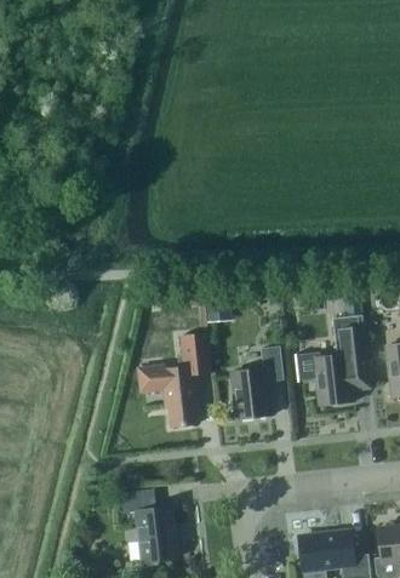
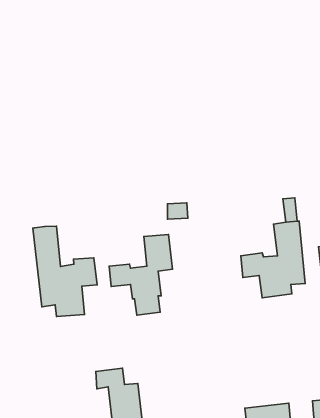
building: none -> [33,226,97,316]
building: [230,347,284,419] -> none

